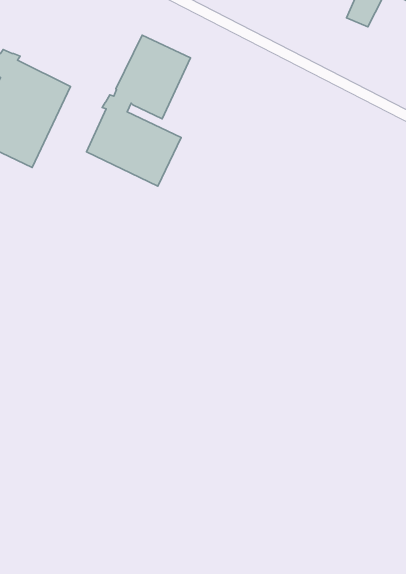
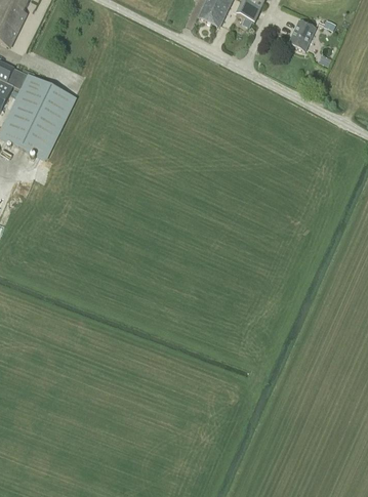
building: [87,35,190,186] -> none

